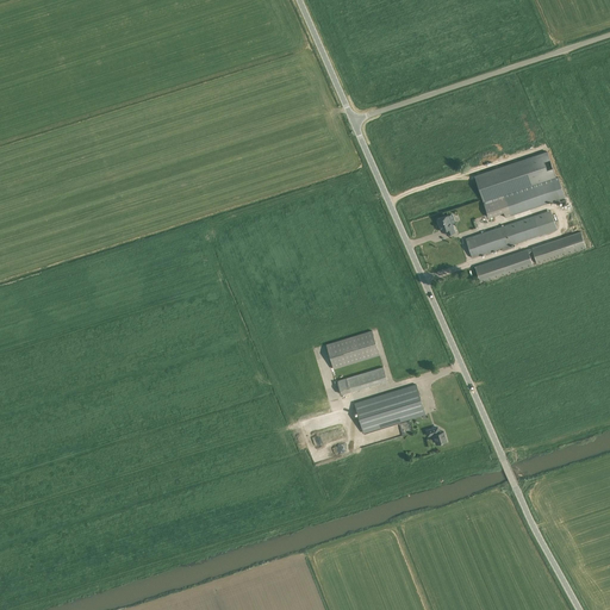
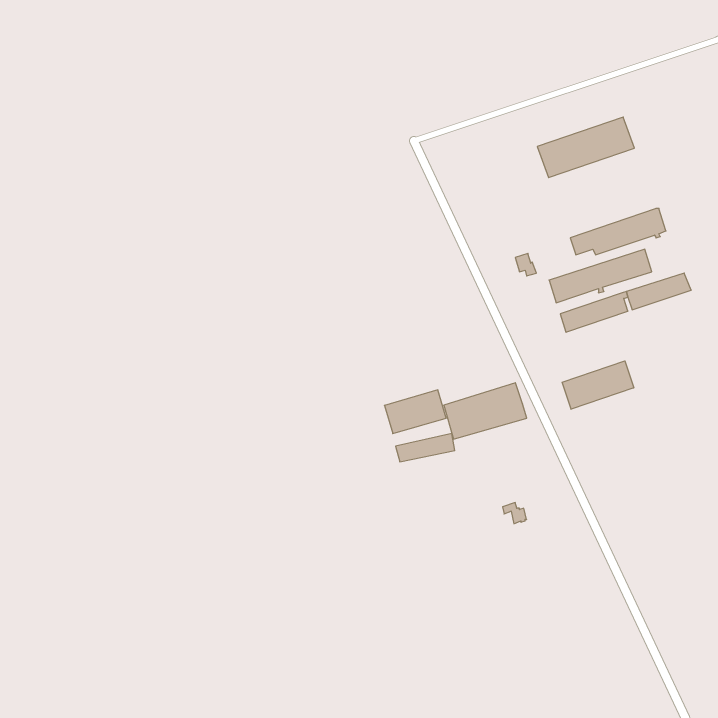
building: [473,150,555,201] -> [537,117,634,178]
building: none -> [562,361,634,409]
building: [354,384,424,431] -> [444,383,527,439]

